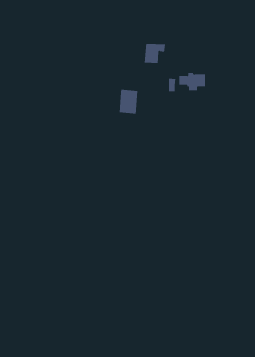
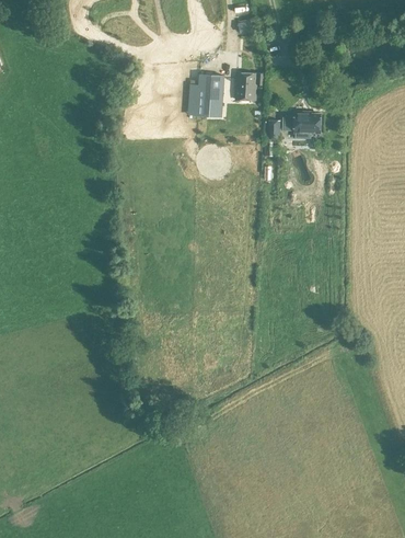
building: [119,89,138,114] -> [196,73,222,107]

